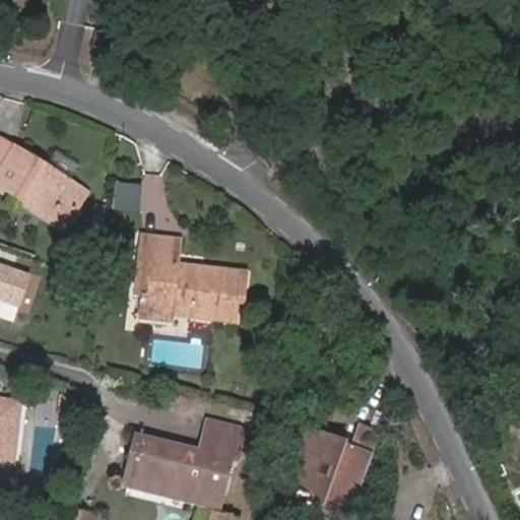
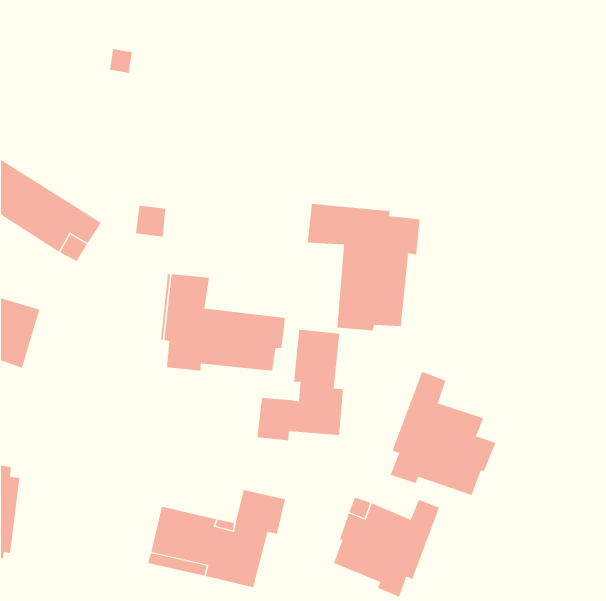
building: none -> [307,203,420,331]
building: none -> [257,329,344,441]
building: none -> [390,371,496,496]

